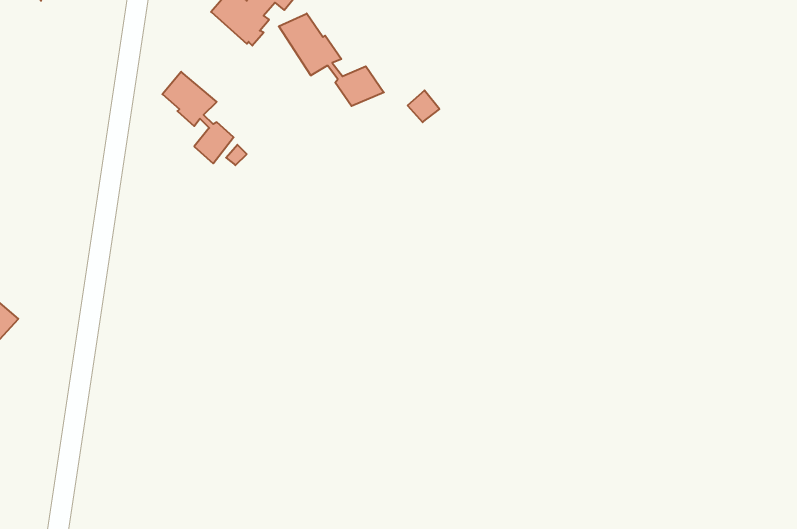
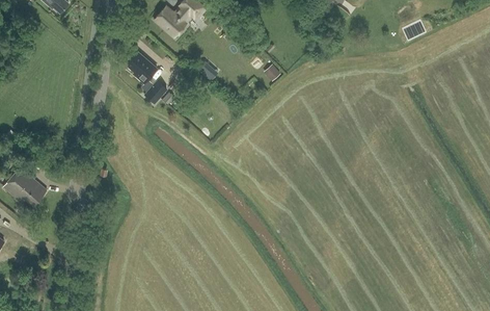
building: [279,13,384,106] -> none

